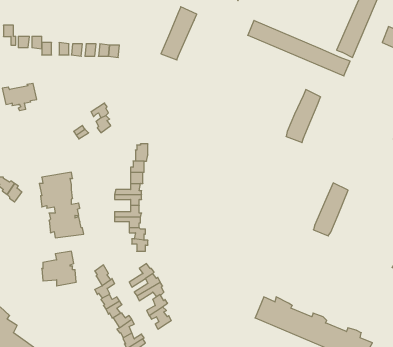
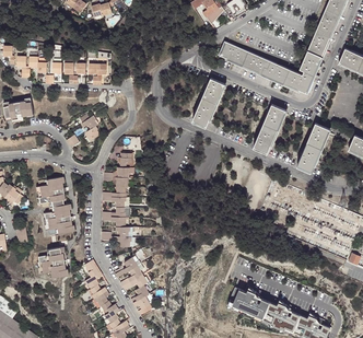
building: [161,7,197,60] -> [192,78,224,125]
building: [313,183,348,236] -> [297,123,328,170]

